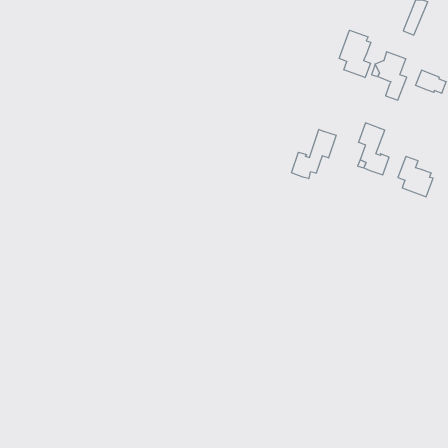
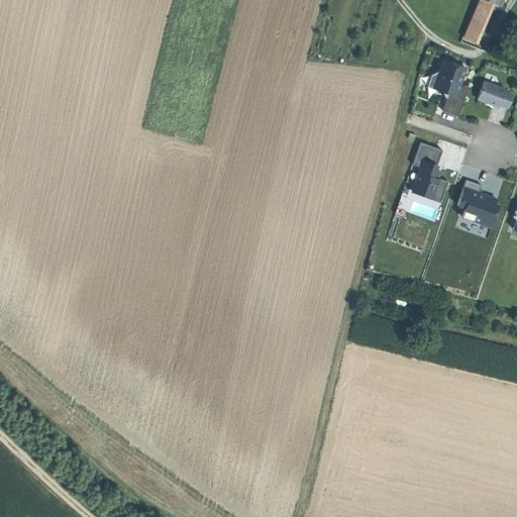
building: [339,30,371,78] -> none
building: [291,129,336,179] -> none

